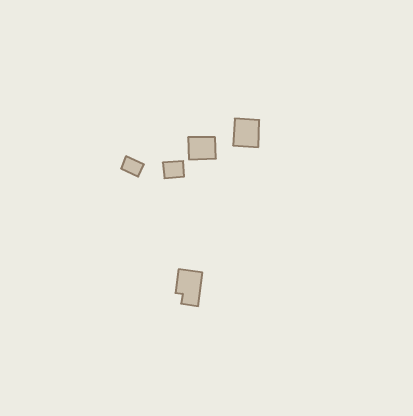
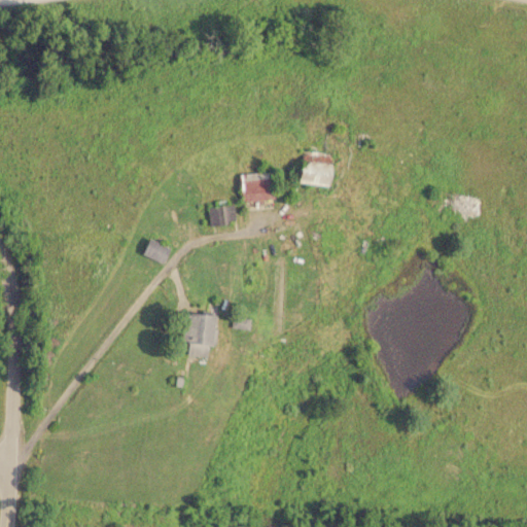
building: [121,156,144,177] -> [145,239,174,265]
building: [175,269,202,306] -> [181,313,215,359]

